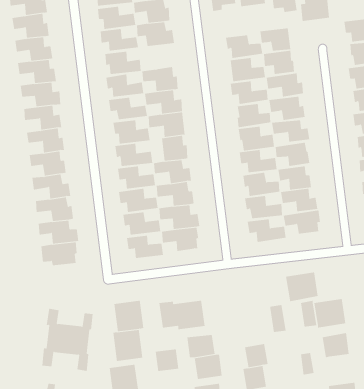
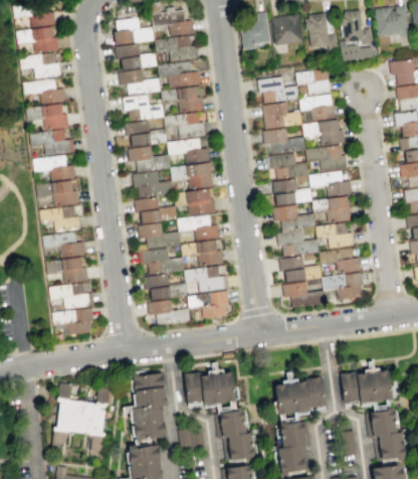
building: none -> [162,87,205,115]
building: [285,272,319,302] -> [274,381,311,415]
building: none -> [375,432,406,459]

